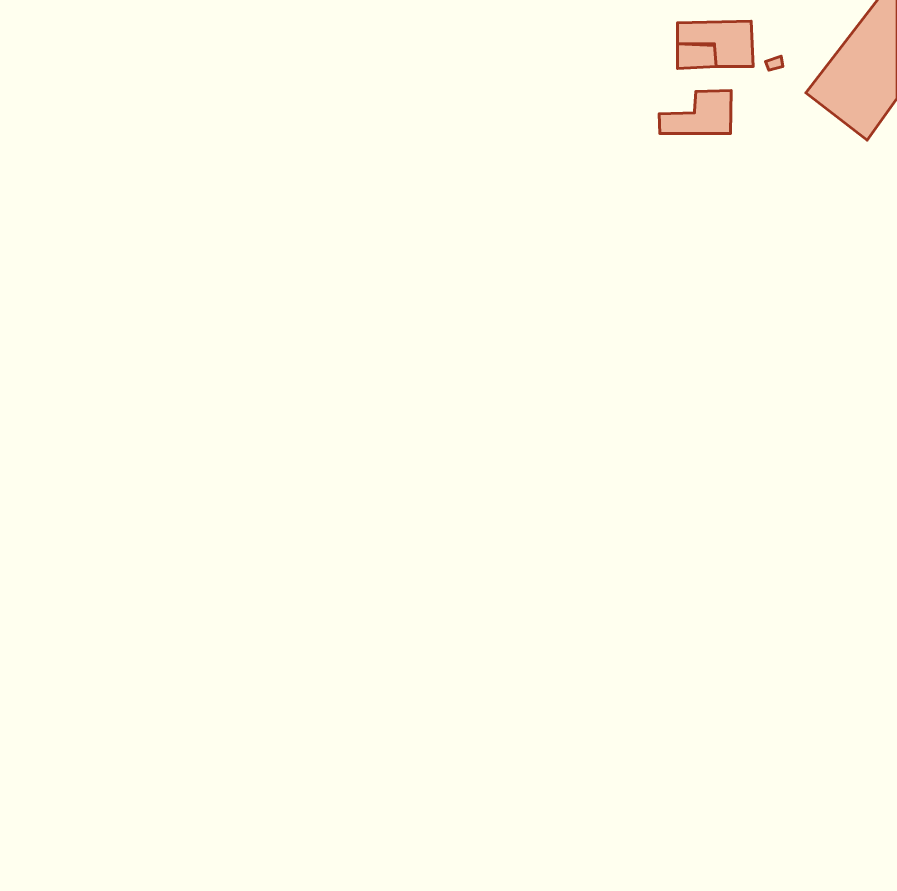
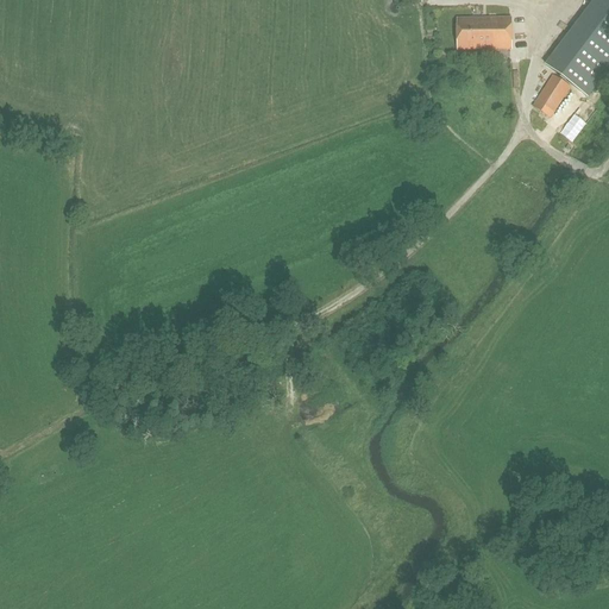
building: [659,91,731,134] -> none
building: none -> [533,73,571,115]

